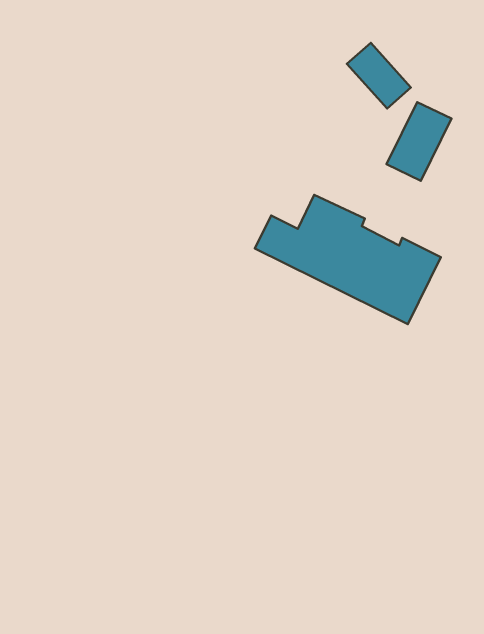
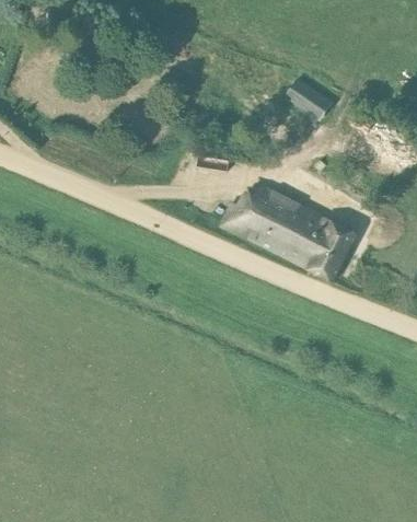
building: [386,102,452,181] -> none

